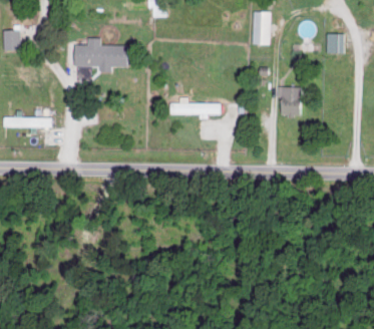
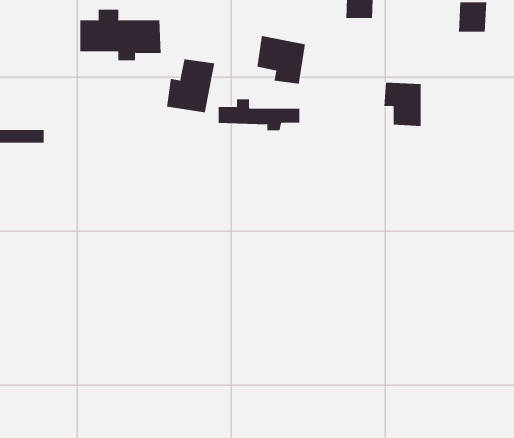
building: none -> [257,35,305,84]
building: none -> [166,58,215,113]

